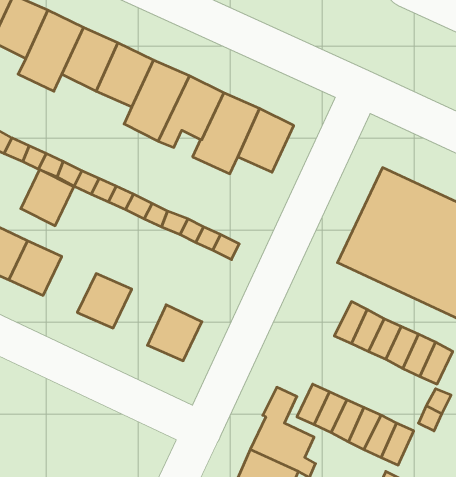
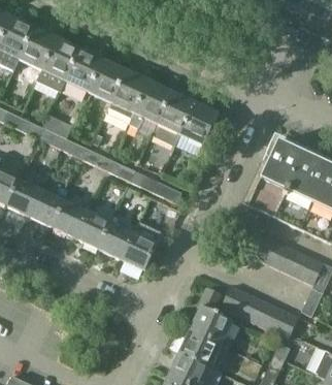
building: [21,170,74,226] -> [53,200,88,237]
building: none -> [99,222,134,259]

